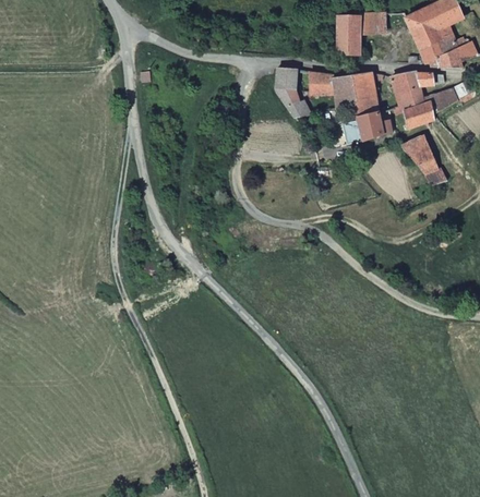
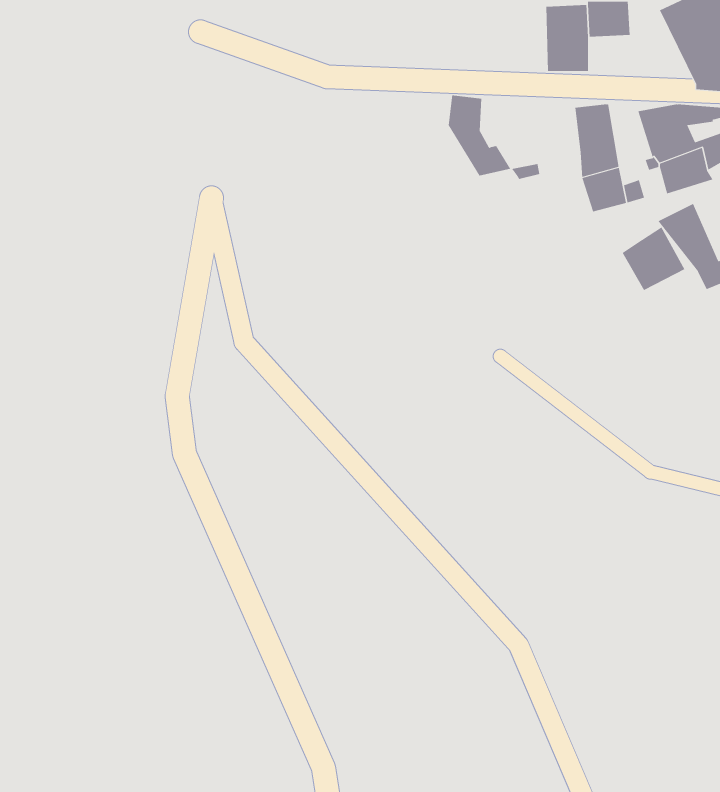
building: [308,71,355,108] -> none
building: none -> [622,226,685,291]

